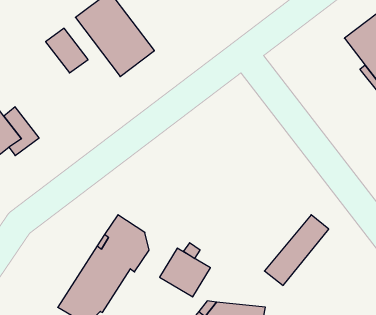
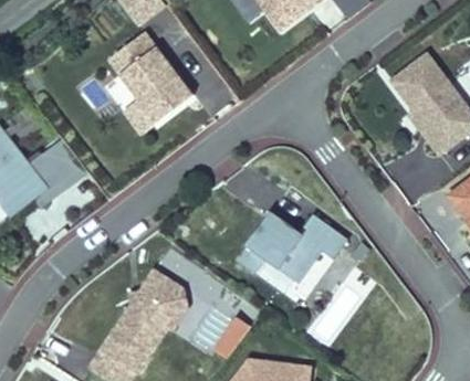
building: [46,28,88,73] -> [42,139,87,187]
building: none -> [236,211,346,282]

